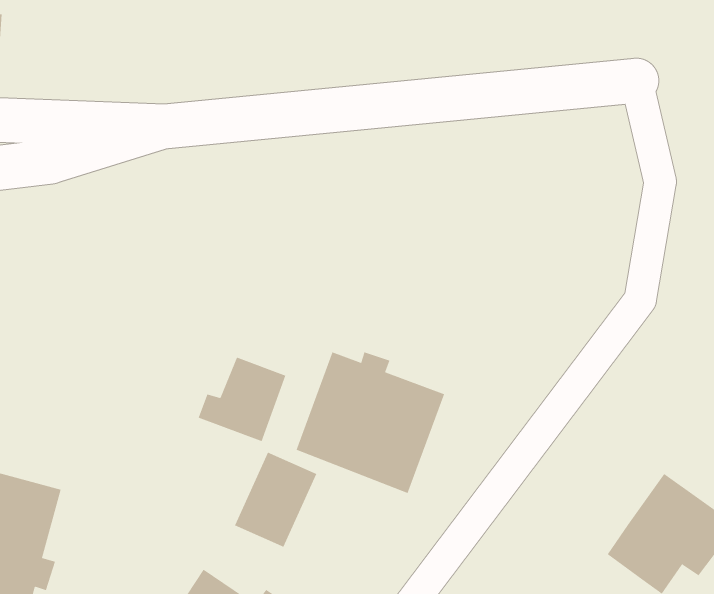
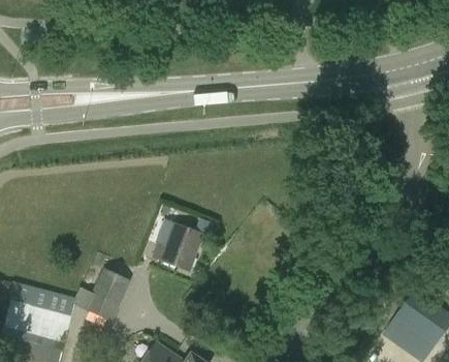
building: [296,352,445,494] -> none
building: [234,452,317,547] -> [84,268,130,322]

